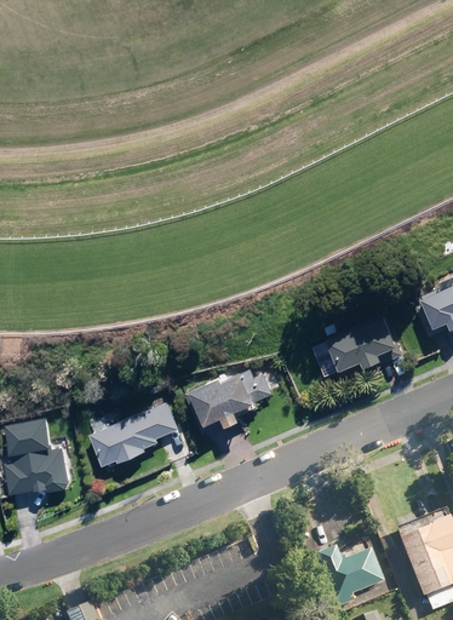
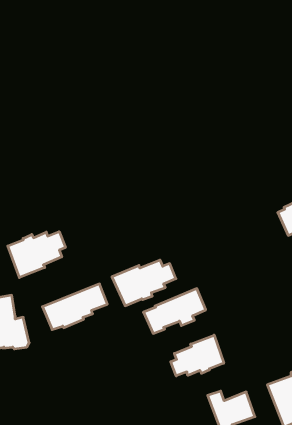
building: [311,315,397,377] -> [143,289,206,333]
building: none -> [8,232,65,278]
building: none -> [171,335,224,376]

